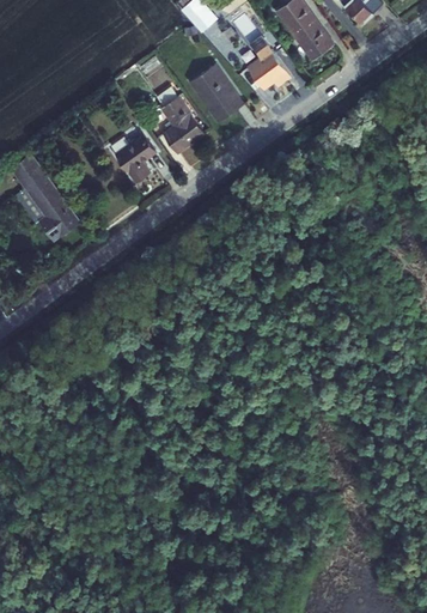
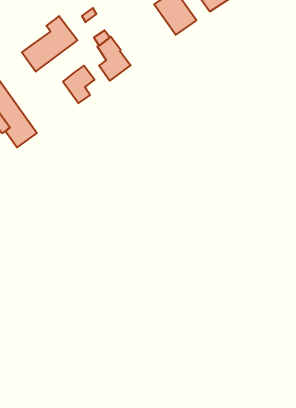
building: [189,63,244,123] -> none
building: none -> [22,16,77,72]

